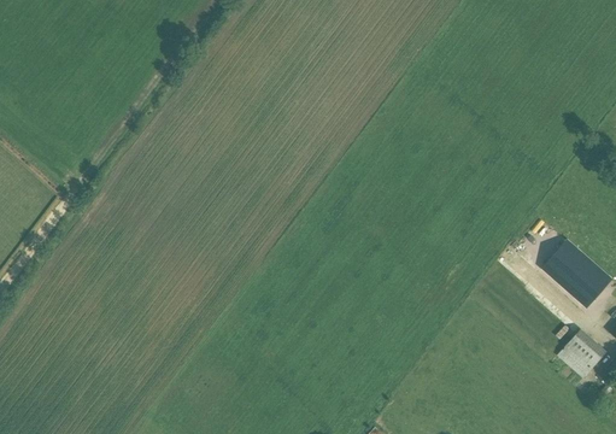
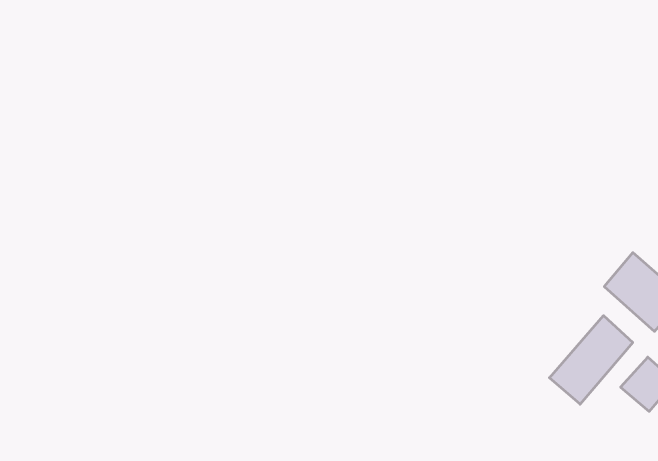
building: none -> [549,316,633,404]

